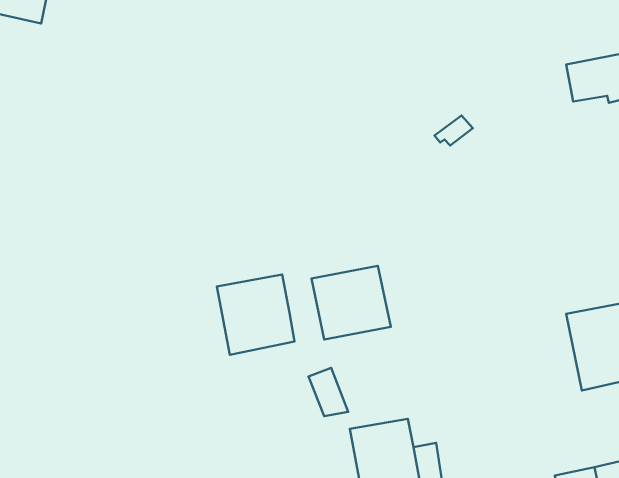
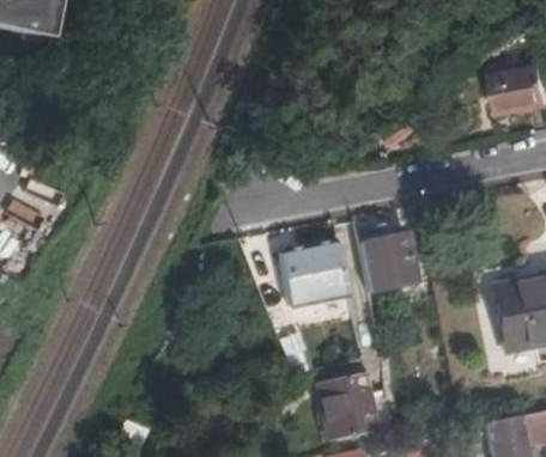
building: none -> [359,234,417,294]
building: [217,274,295,355] -> none

